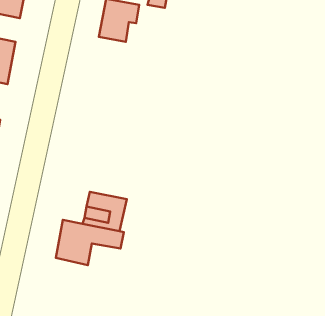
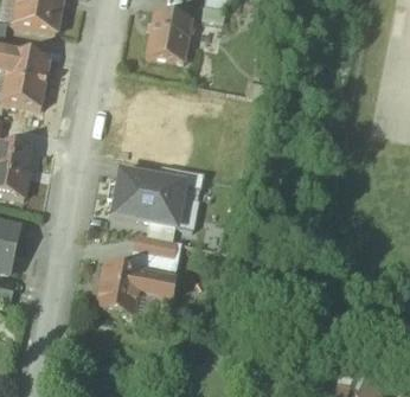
building: none -> [109,168,188,229]

